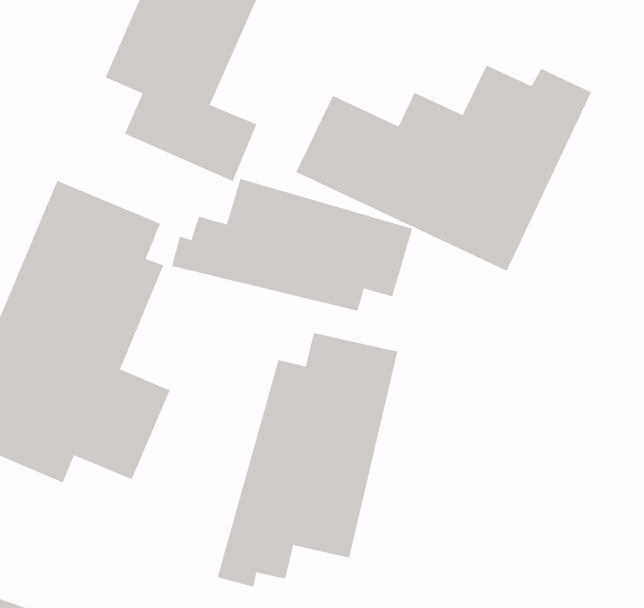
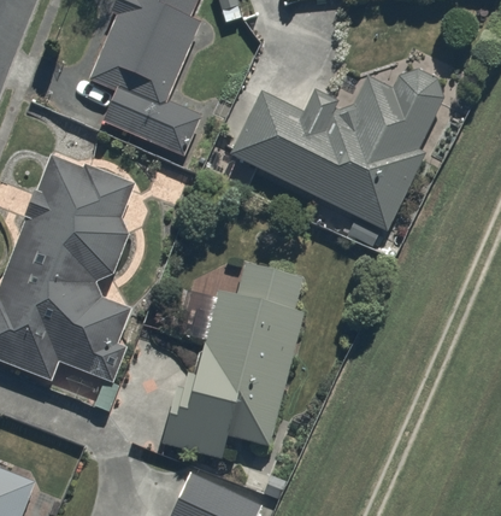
building: [171,178,413,312] -> none

